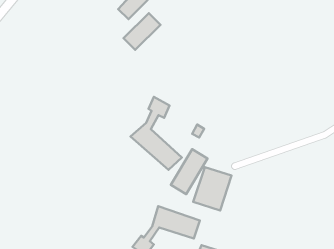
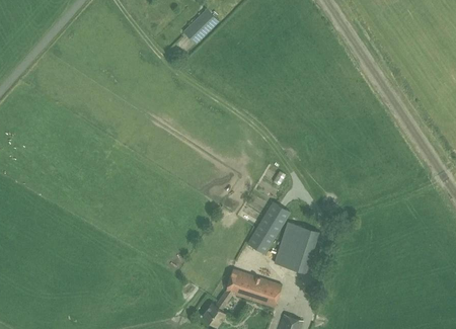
building: [123,13,161,50] -> none
building: [130,97,182,170] -> none

